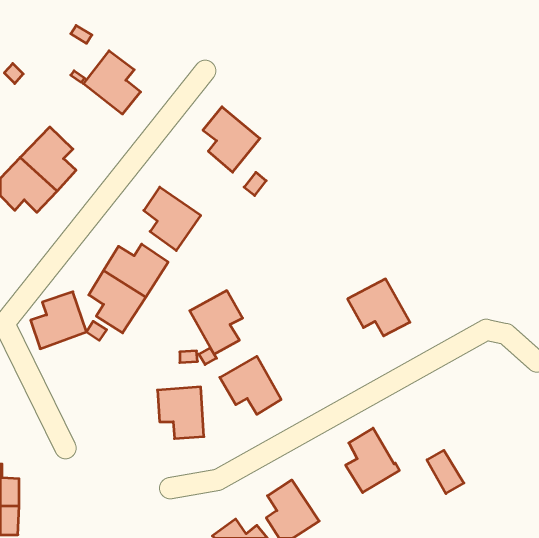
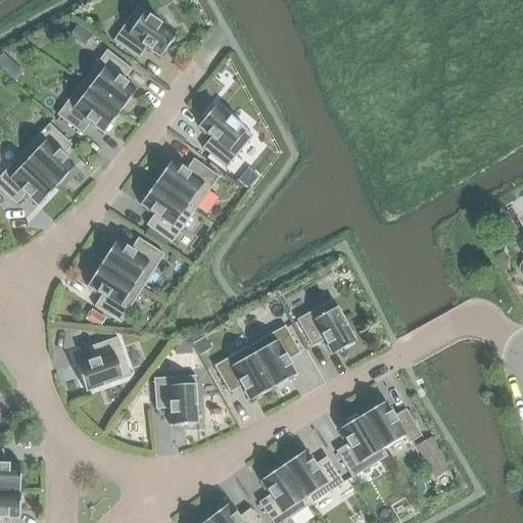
building: none -> [112,5,176,57]
building: none -> [56,81,120,132]
building: none -> [155,157,219,208]
building: [348,279,410,336] -> [296,298,356,353]
building: [190,291,243,354] -> [249,325,300,386]
building: [31,292,87,349] -> [77,336,131,391]
building: none -> [362,399,421,448]
building: none -> [283,448,343,504]

